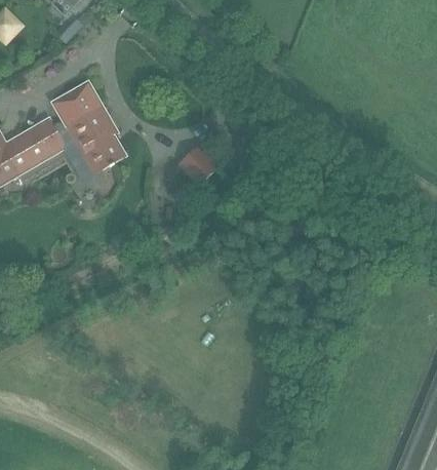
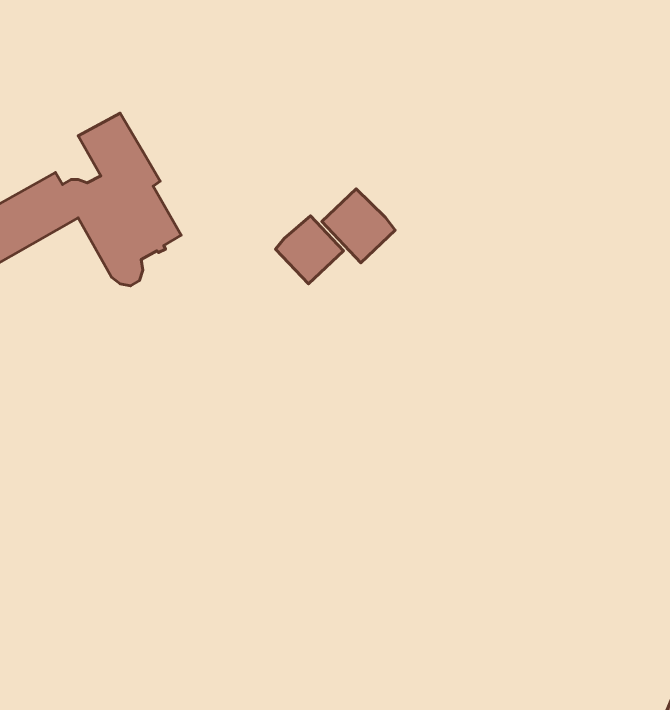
building: none -> [322,189,395,263]

